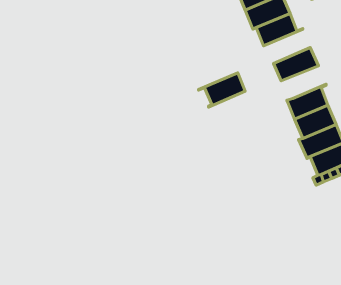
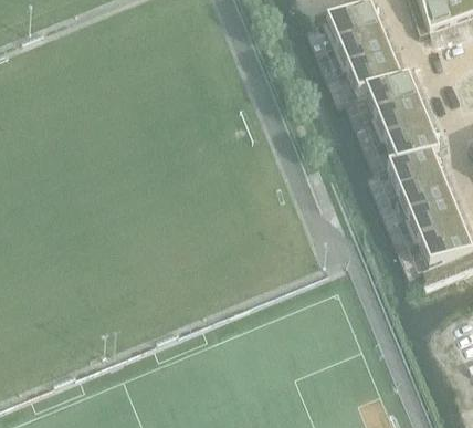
building: none -> [383,116,443,159]
building: [199,73,245,107] -> [360,67,422,113]

